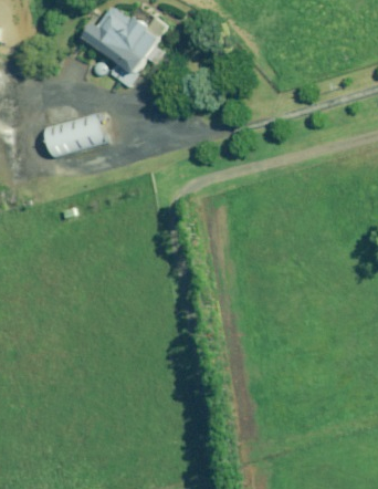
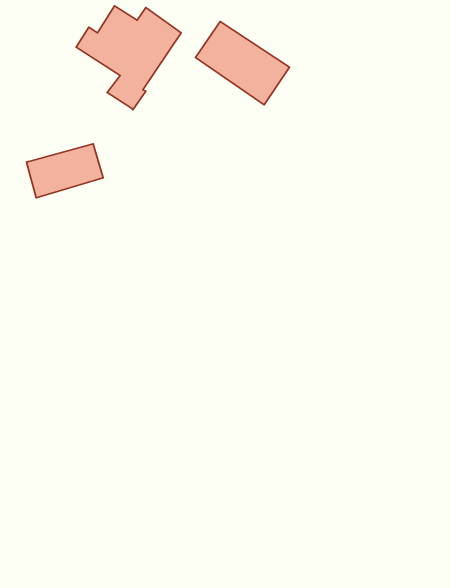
building: none -> [196,21,289,105]

